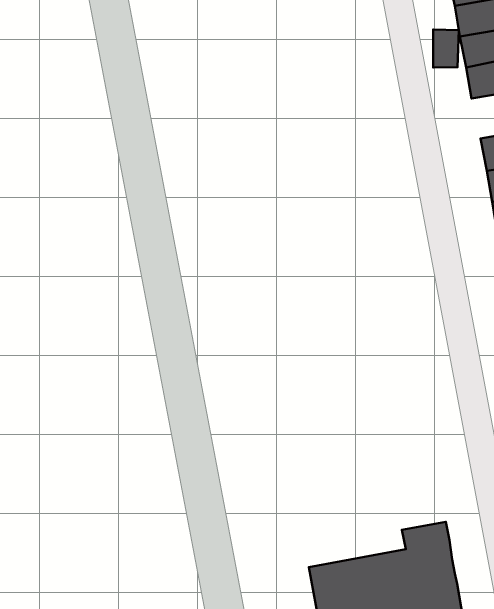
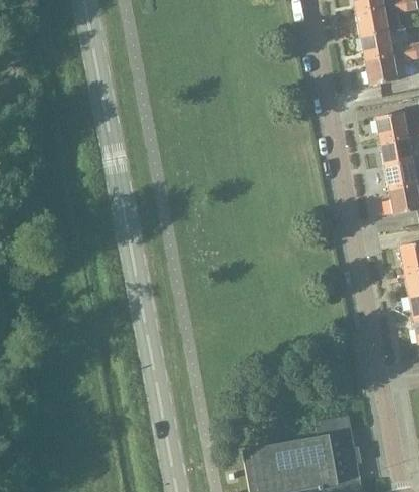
building: [433,29,459,67] -> none

